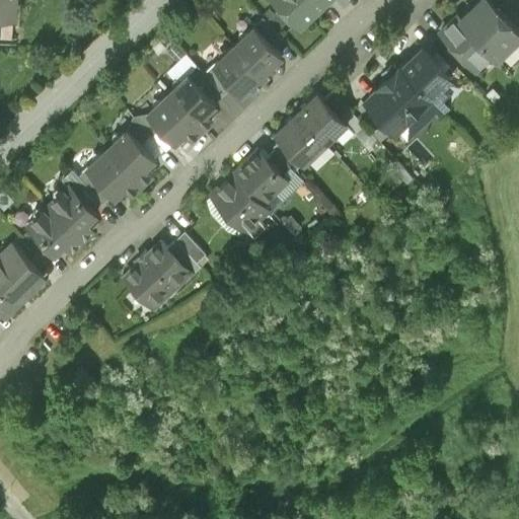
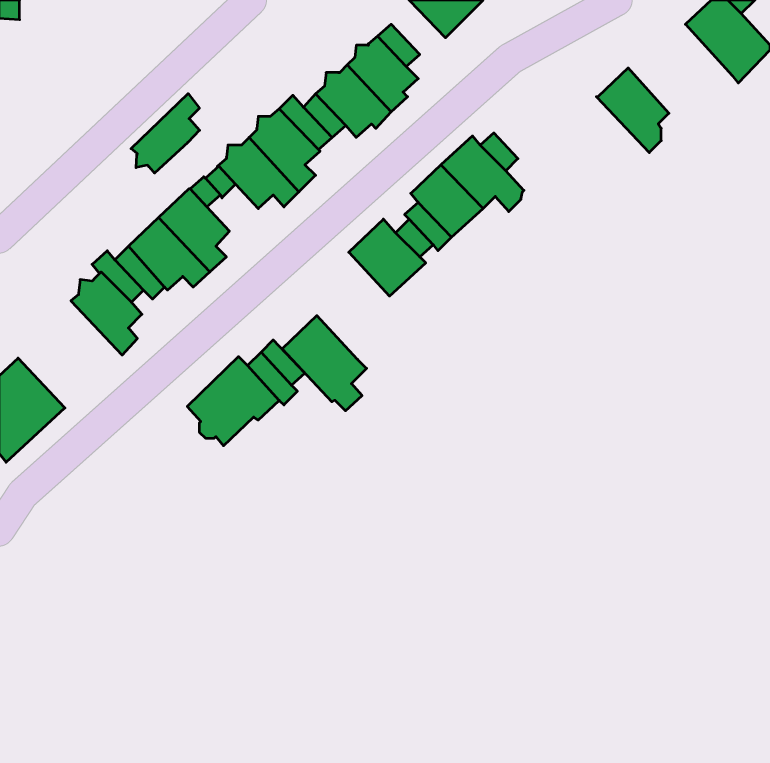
building: [440,19,492,73] -> none
building: none -> [131,94,200,173]
building: [365,70,436,134] -> none
building: [211,175,268,239] -> [282,316,367,411]
building: [27,208,82,256] -> none

